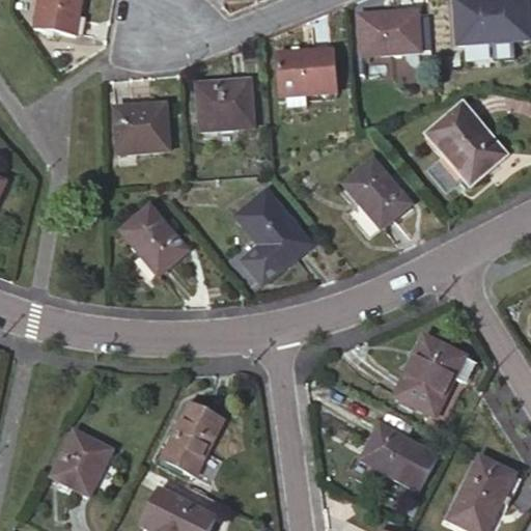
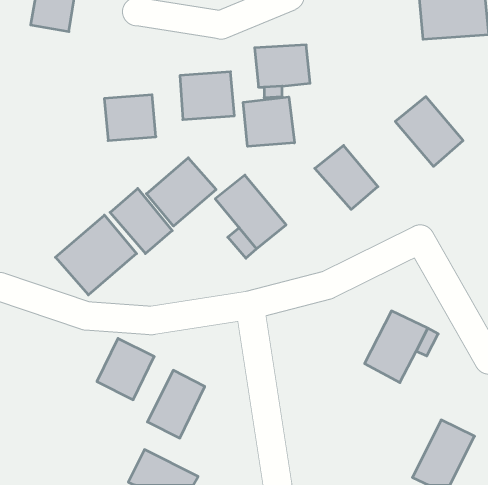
building: [358,9,421,55] -> none
building: none -> [243,97,294,146]
building: none -> [146,158,216,226]
building: none -> [55,215,137,295]
building: [362,423,436,484] -> none
building: [51,428,113,495] -> [97,338,154,400]

